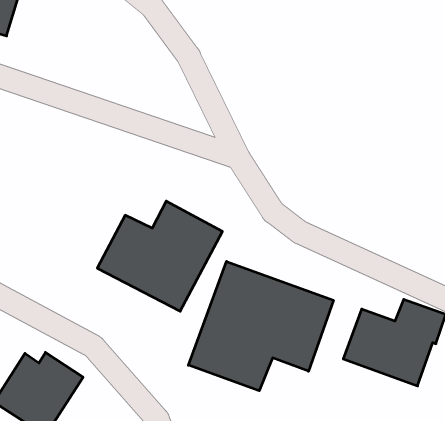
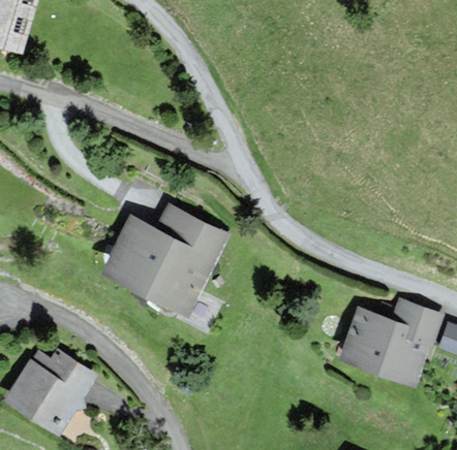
building: [188,261,333,391] -> none

